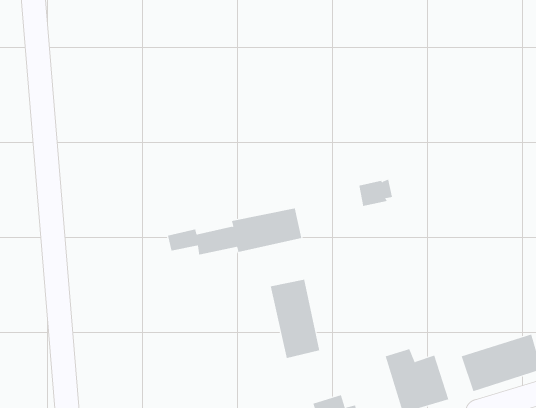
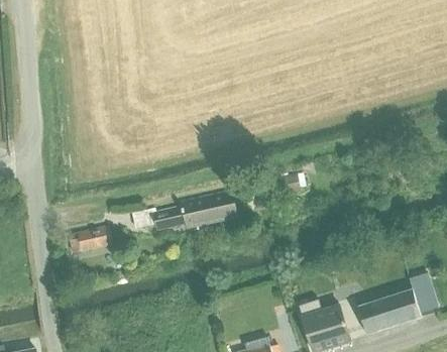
building: none -> [69,224,111,252]
building: [270,279,320,359] -> none

